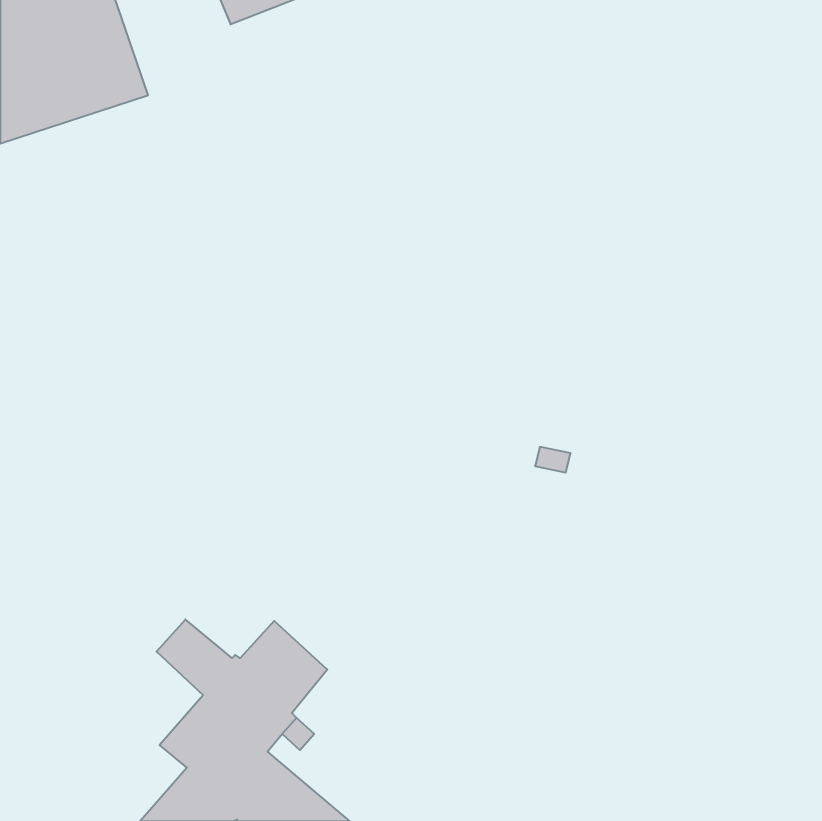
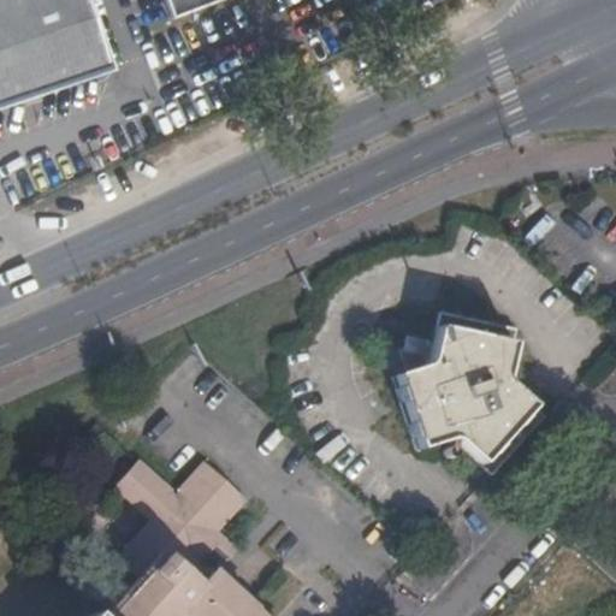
building: none -> [396,312,543,474]

